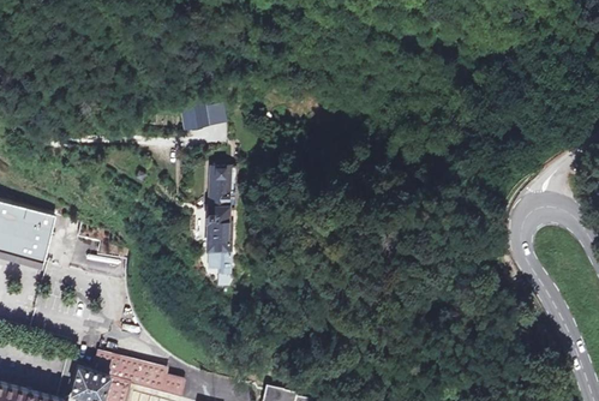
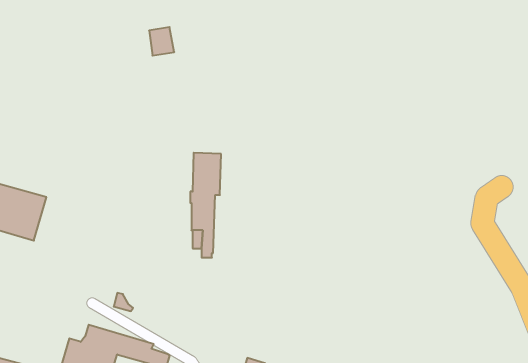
building: [184,96,210,126] -> [149,27,174,56]

